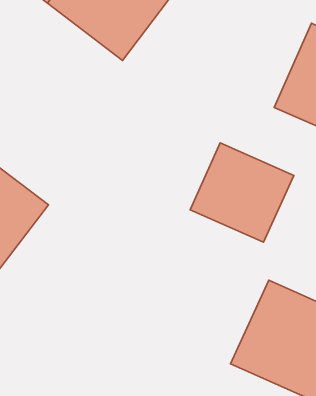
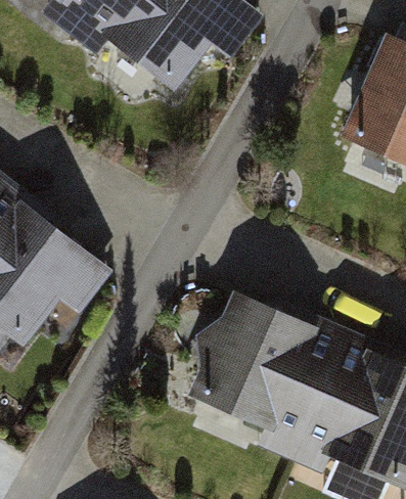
building: [190,143,294,242] -> none
building: none -> [200,298,347,441]

